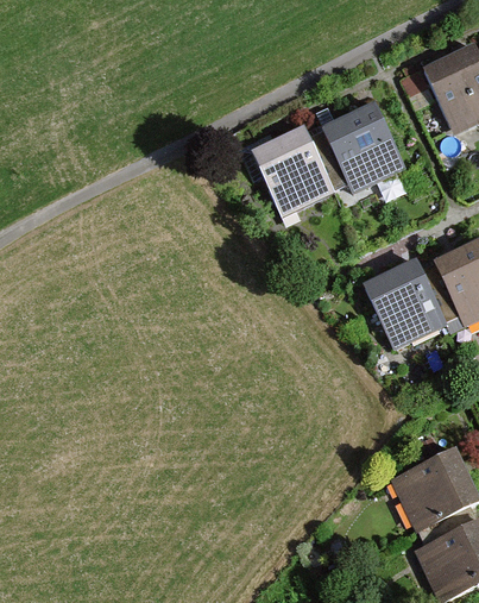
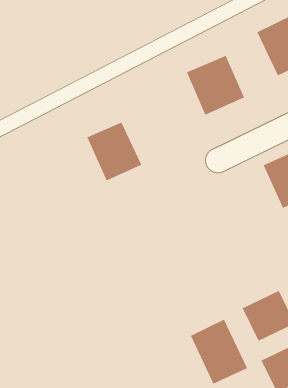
building: [251,130,332,216] -> [87,122,142,181]
building: [370,263,442,343] -> none
building: none -> [190,319,248,384]

